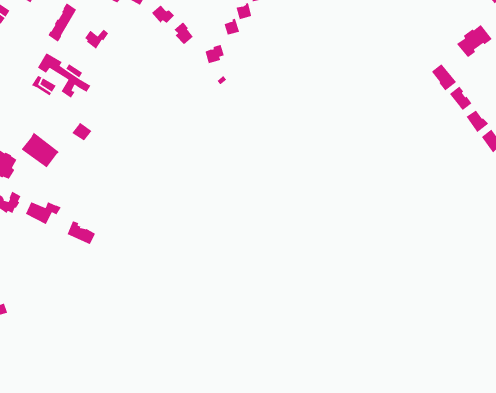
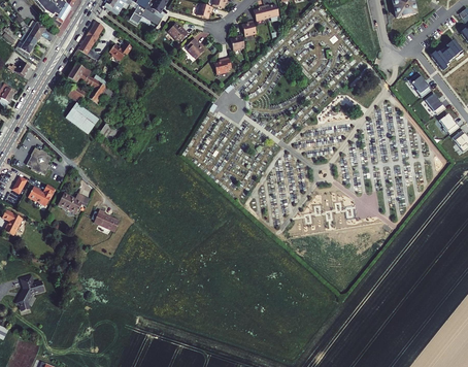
building: [21,132,60,168] -> [65,102,99,134]

